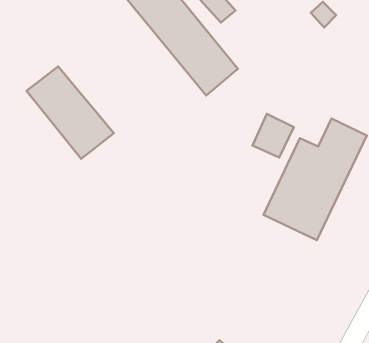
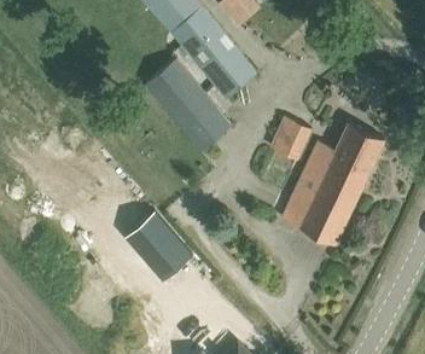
building: [26,66,114,159] -> [145,58,232,150]
building: none -> [126,209,192,279]

